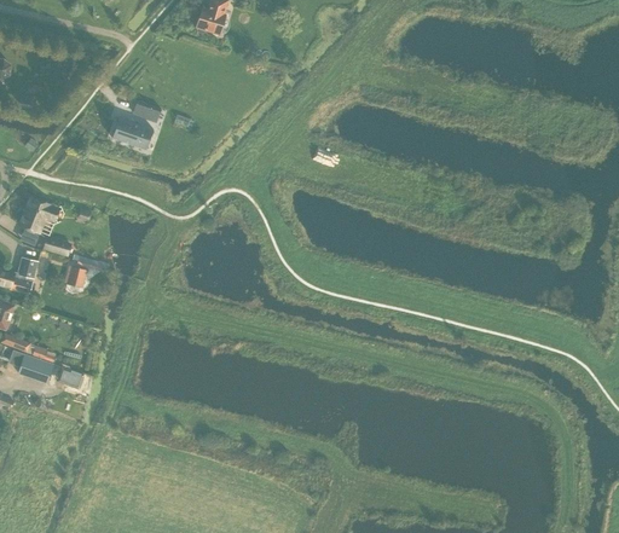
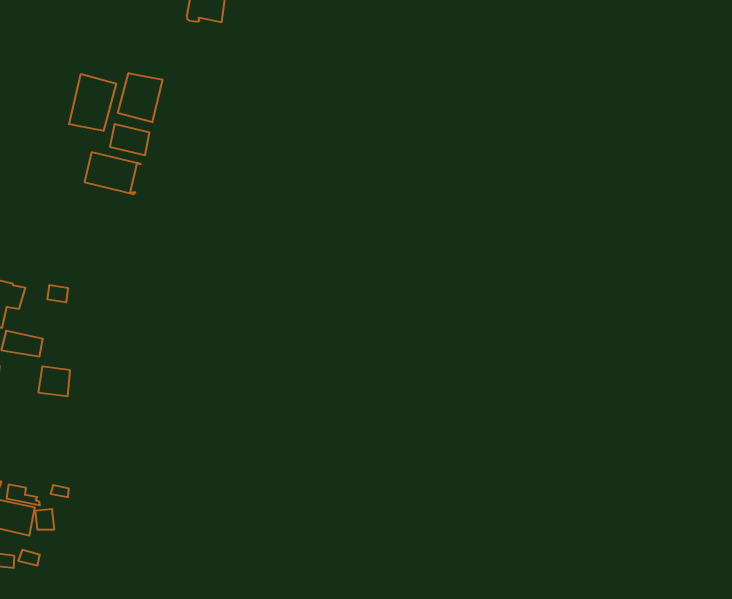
building: none -> [69,74,116,131]
building: none -> [118,73,162,122]

